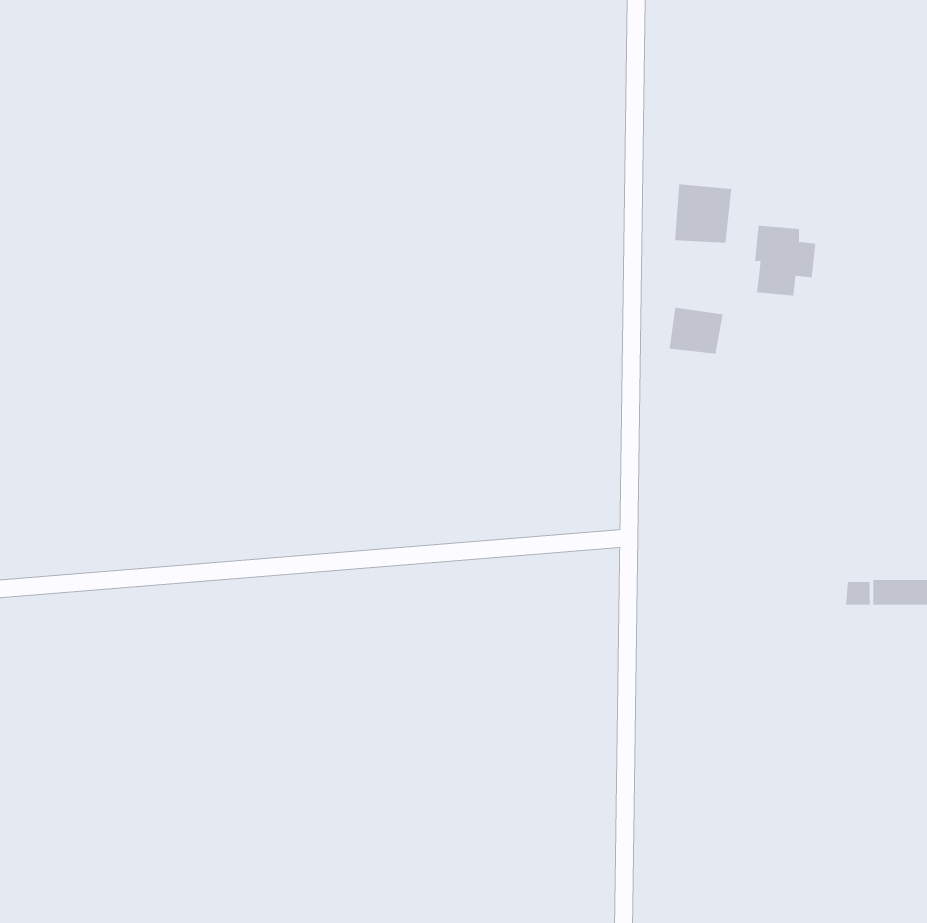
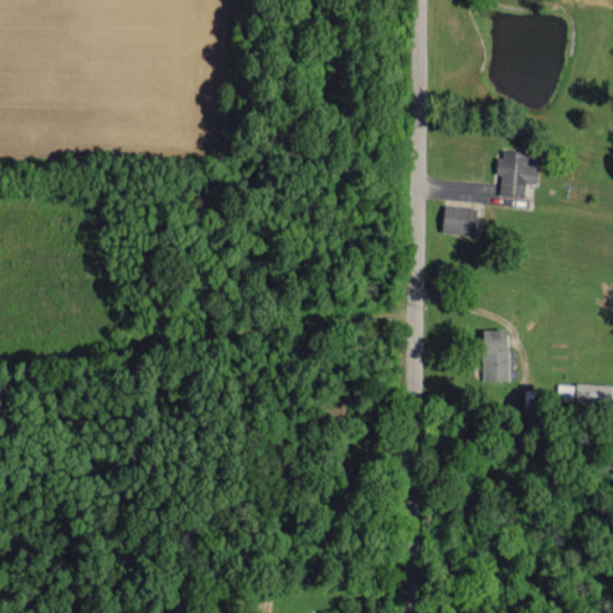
building: [674,183,732,243] -> none
building: none -> [482,330,509,383]

